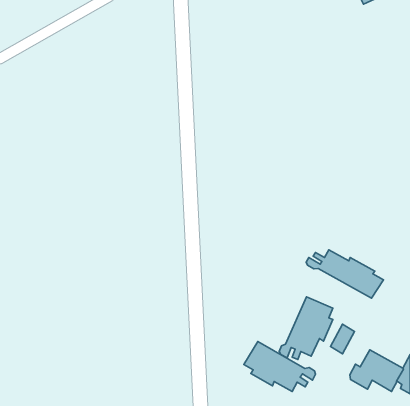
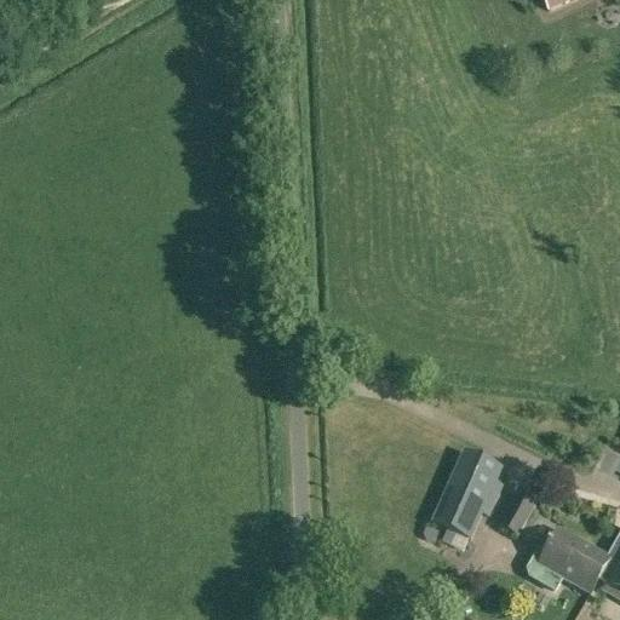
building: [306,250,383,298] -> none
building: [244,341,315,392] -> none

